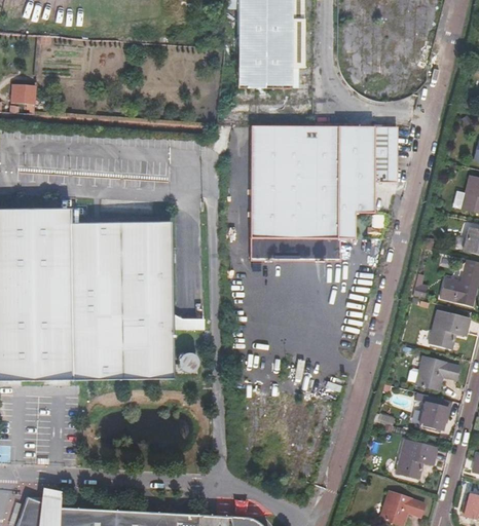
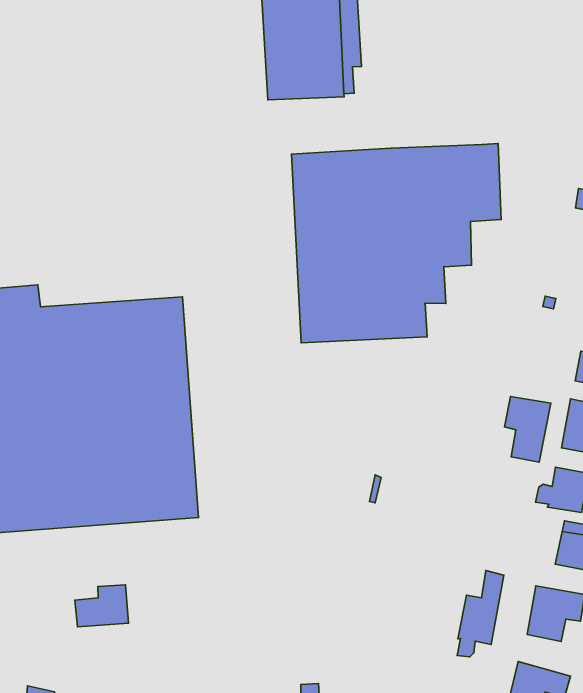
building: none -> [504,396,551,462]
building: none -> [75,585,128,627]
building: none -> [457,570,504,657]

